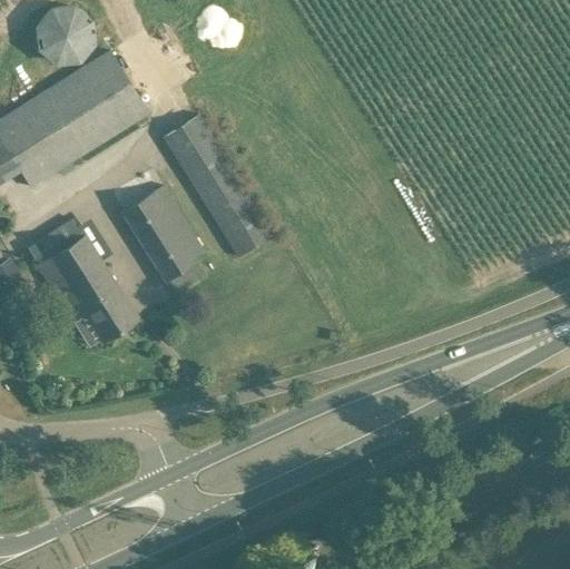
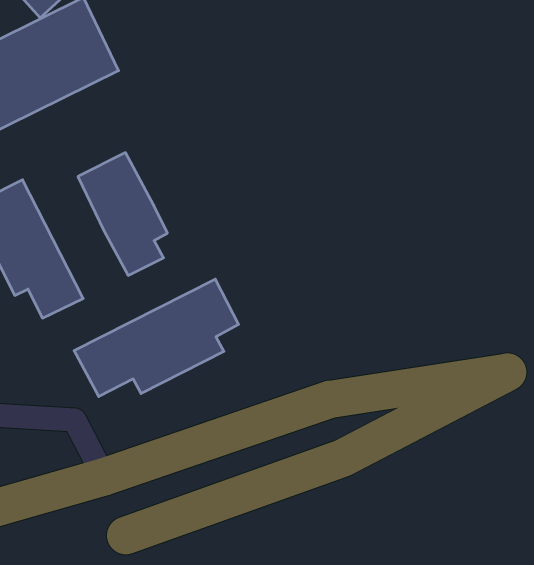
building: [163,114,273,255] -> none
building: none -> [74,279,239,397]

